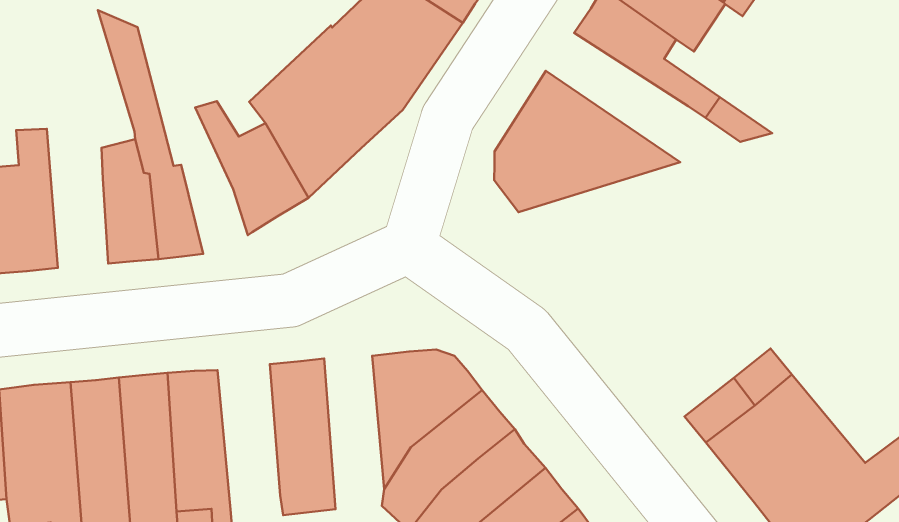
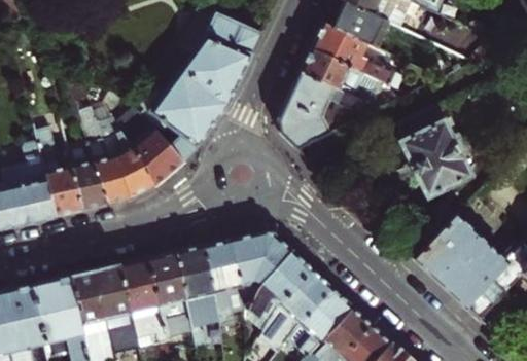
building: none -> [302,49,393,111]
building: none -> [101,118,153,196]
building: none -> [35,128,80,215]
building: none -> [398,108,472,198]
building: none -> [204,239,246,324]
building: none -> [147,251,190,332]

